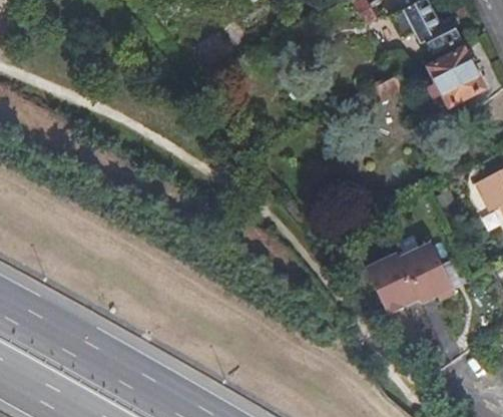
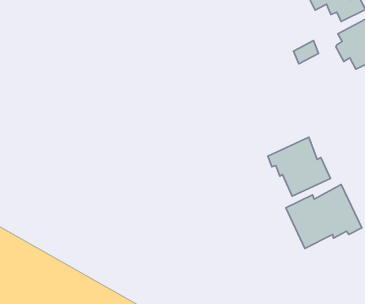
building: none -> [268,137,330,196]

